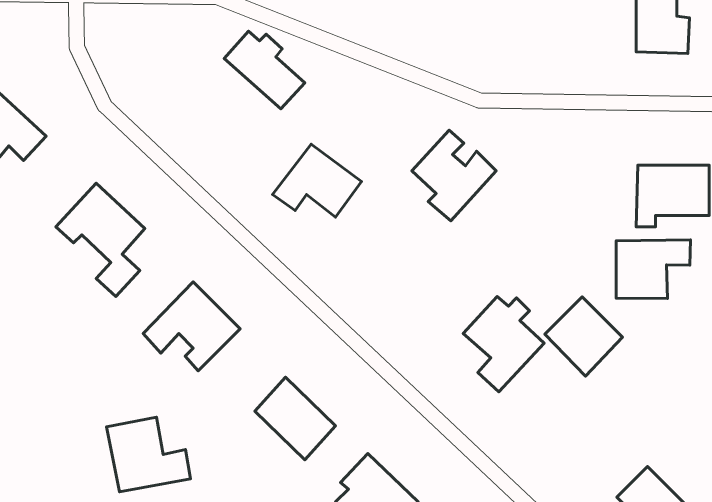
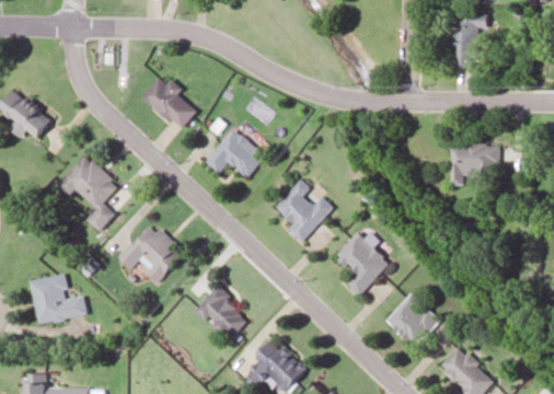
building: [224,31,305,109] -> [142,77,197,129]
building: [412,130,496,221] -> [276,179,333,241]
building: [616,240,690,298] -> none
building: [545,297,623,376] -> [388,292,440,346]
building: [106,417,191,492] -> [30,274,86,324]

